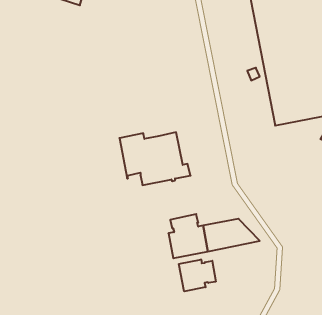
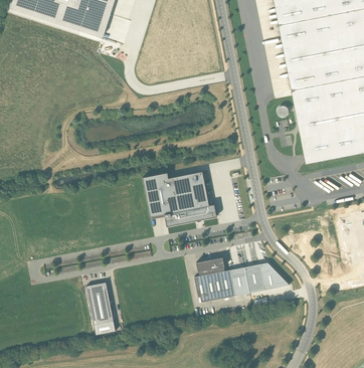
building: none -> [86,282,114,325]
building: [179,259,216,291] -> none

